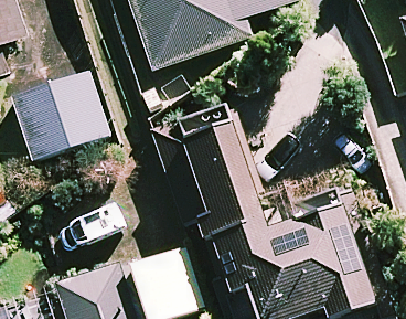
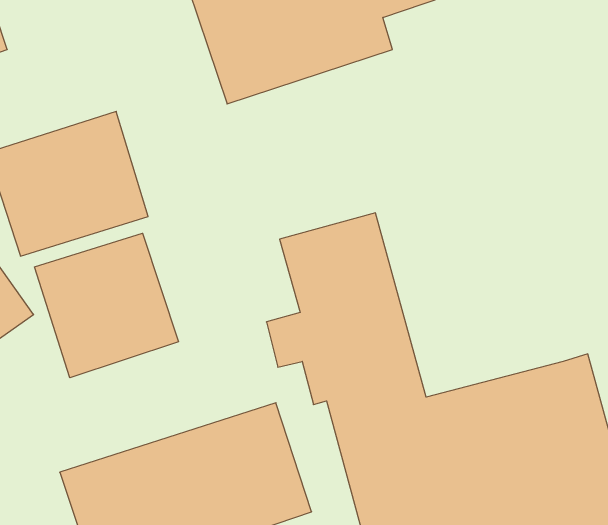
building: none -> [35,233,178,378]

